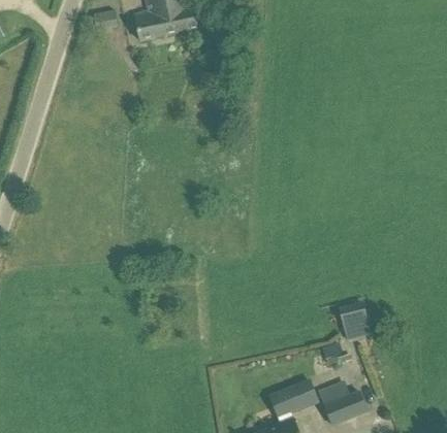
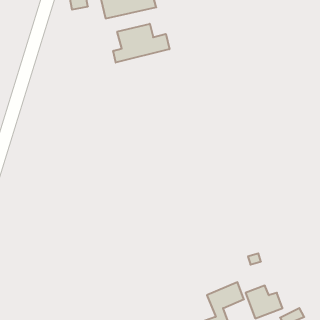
building: none -> [113,24,169,63]
building: [341,301,371,335] -> none

